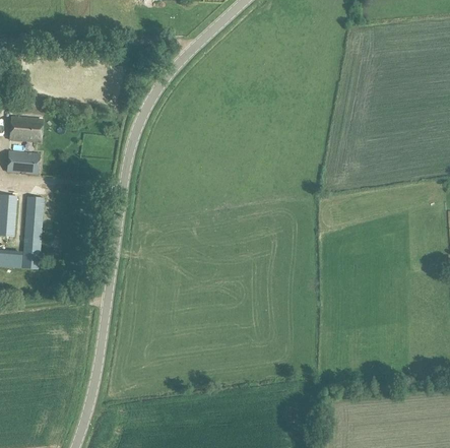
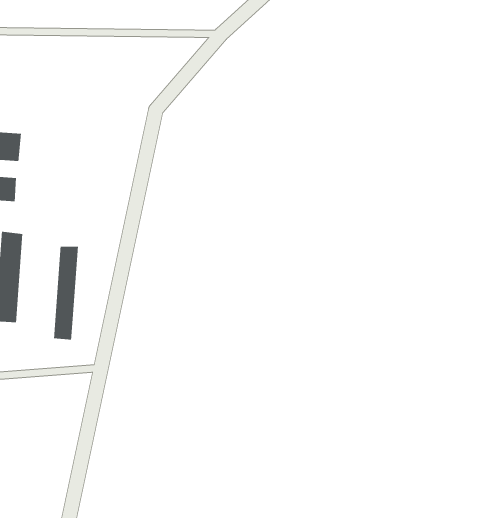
building: none -> [53,246,79,341]

